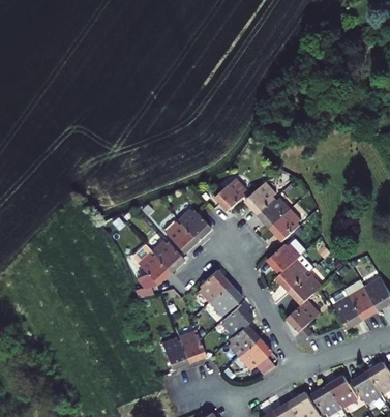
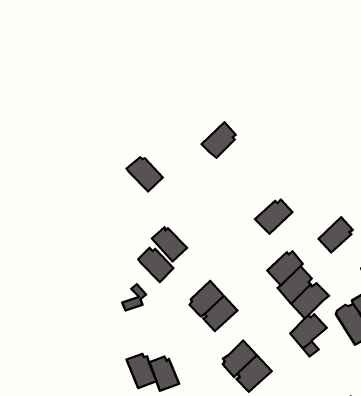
building: [213,179,244,211] -> [202,122,236,158]
building: [243,181,276,214] -> none
building: [270,208,301,240] -> [318,217,353,253]
building: [176,209,209,240] -> [126,157,163,191]
building: [140,254,171,282] -> none
building: [221,303,253,337] -> none
building: [178,332,205,363] -> [127,354,156,388]

